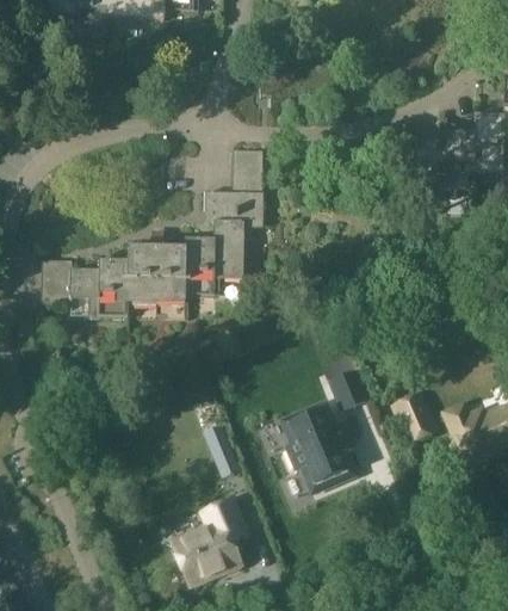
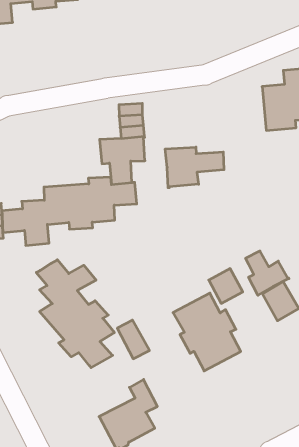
building: none -> [165,147,224,188]
building: none -> [36,260,114,368]
building: none -> [246,251,289,295]

